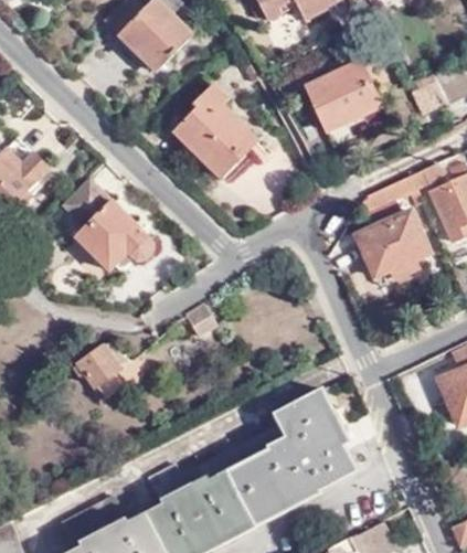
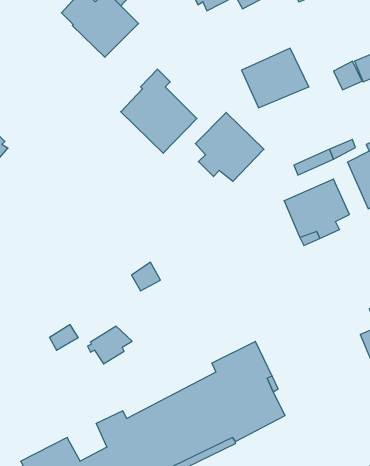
building: none -> [195,112,264,181]
building: [63,179,151,269] -> none
building: [76,344,126,386] -> [88,326,132,364]

